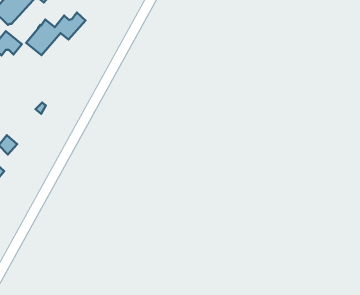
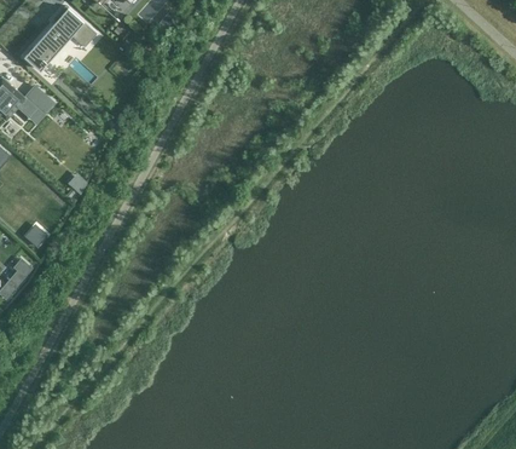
building: [26,13,85,55] -> none

